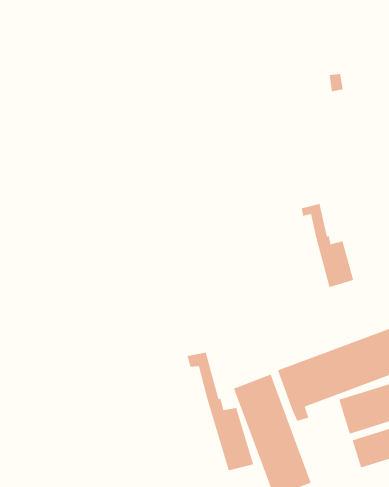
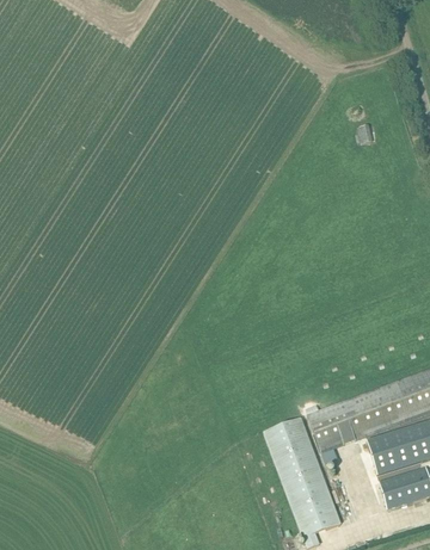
building: [301,203,354,288] -> none
building: [187,352,254,471] -> none

